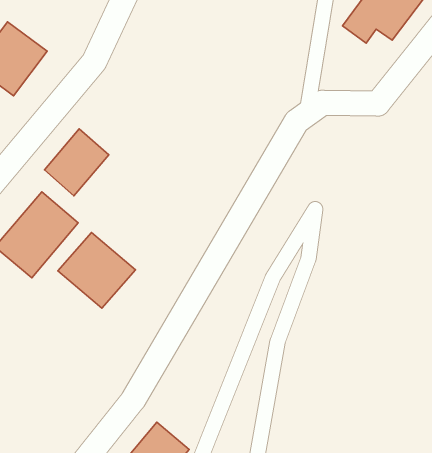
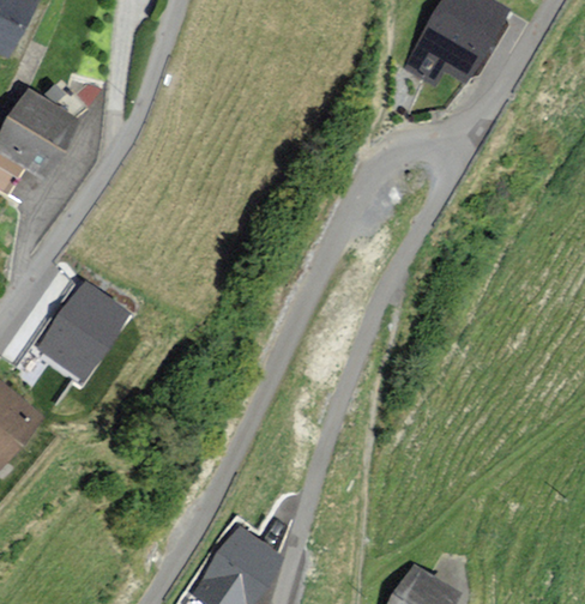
building: [44,129,109,196] -> none
building: [58,232,136,308] -> none

